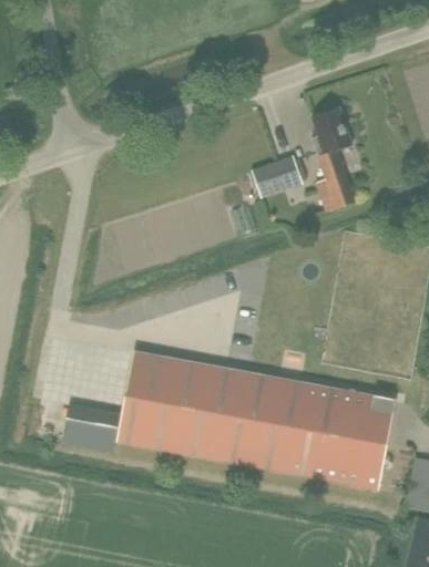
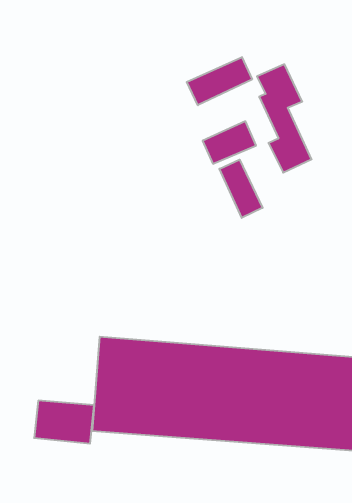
building: none -> [187,57,252,105]
building: none -> [219,160,263,218]

